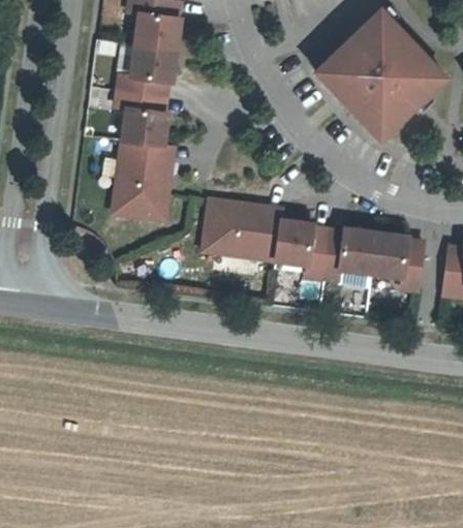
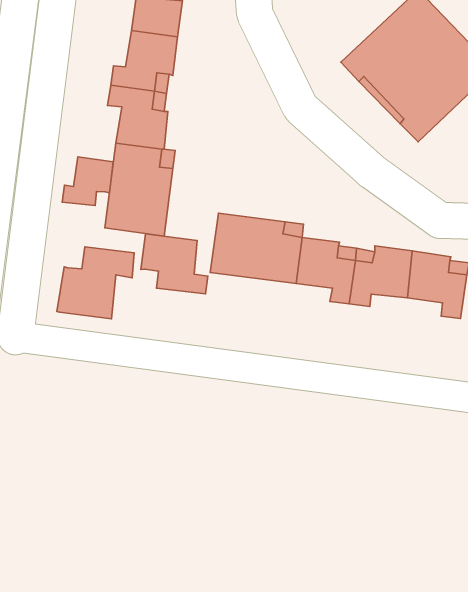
building: none -> [62,157,113,206]
building: none -> [141,234,208,294]
building: none -> [57,247,134,319]

